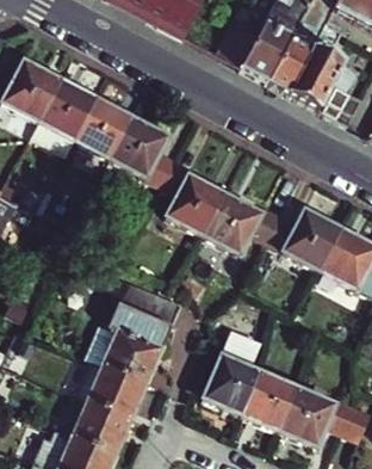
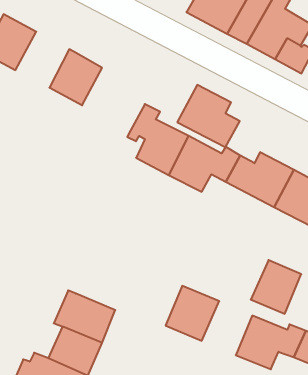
building: [32,78,97,149] -> none
building: [111,117,179,185] -> [177,85,240,147]
building: [104,278,181,381] -> none
building: [241,371,296,430] -> [251,260,301,314]

